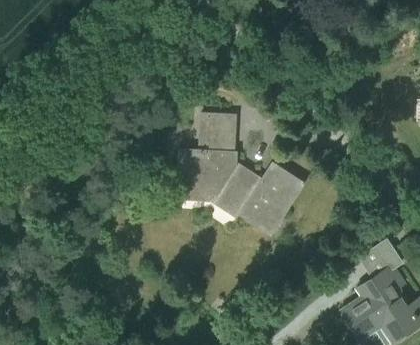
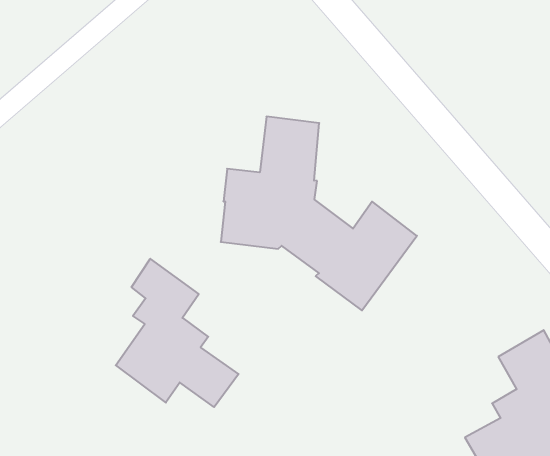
building: none -> [116,259,239,407]

